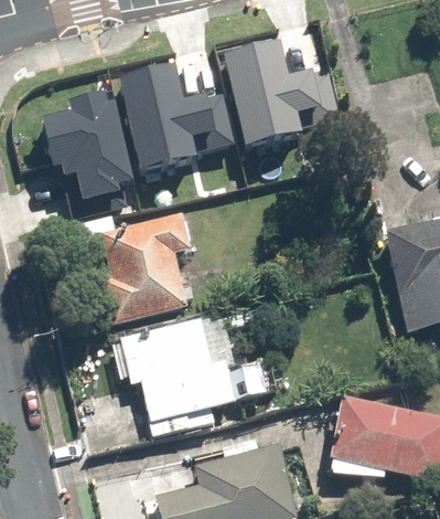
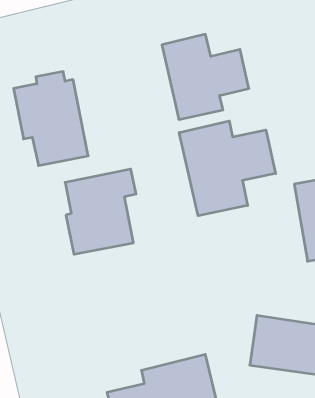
building: [125,67,233,173] -> none
building: none -> [179,121,276,216]
building: [121,311,272,434] -> none

